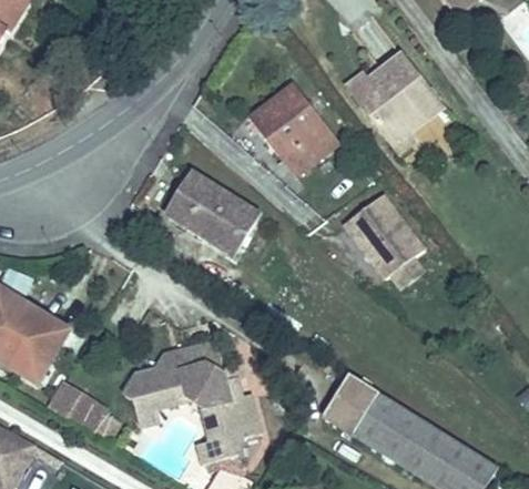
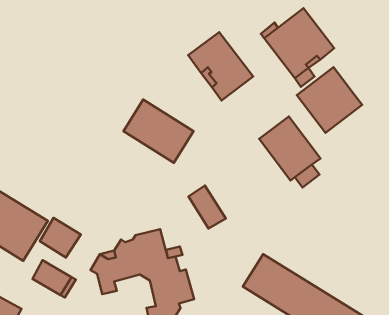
building: none -> [297,67,362,133]
building: none -> [188,185,226,229]
building: none -> [40,218,81,258]

